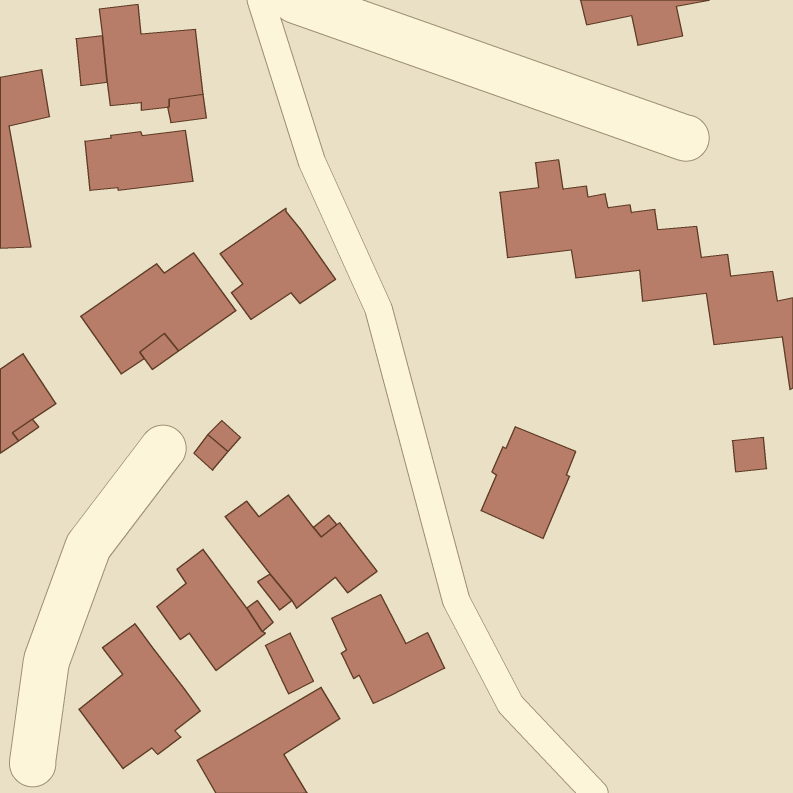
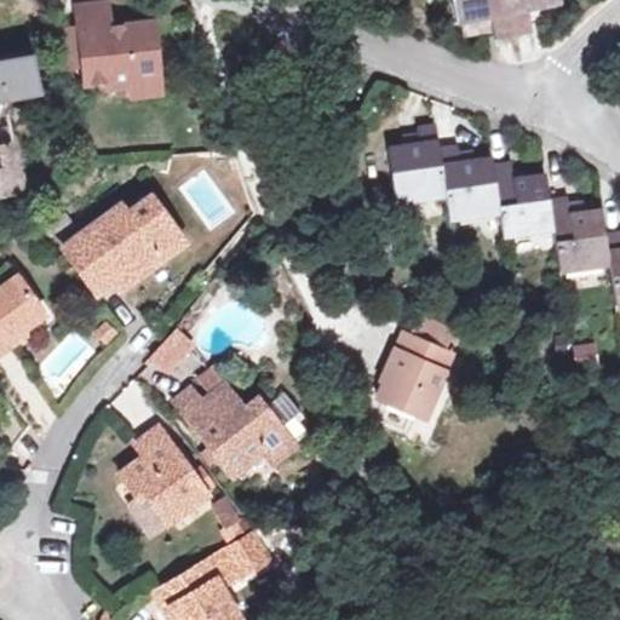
building: [85,130,193,191] -> none
building: [220,208,335,319] -> none
building: [332,595,445,703] -> none
building: [79,624,200,769] -> none

